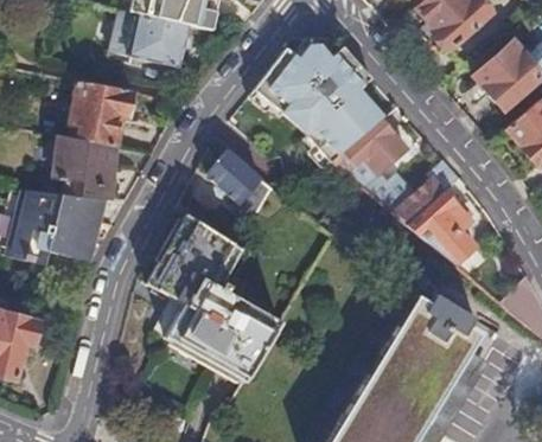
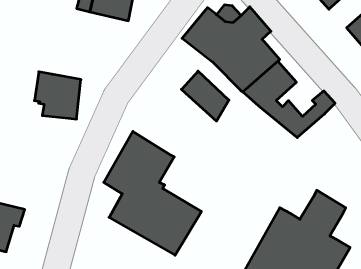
building: [70,79,133,145] -> none
building: [206,149,270,217] -> [181,71,229,121]
building: [13,188,100,264] -> none
building: [408,191,476,263] -> none

